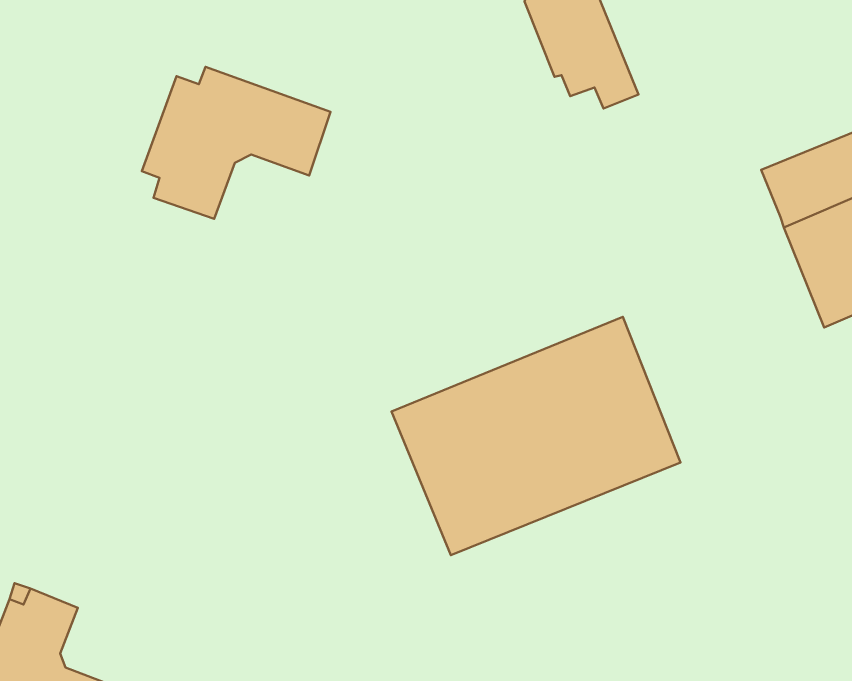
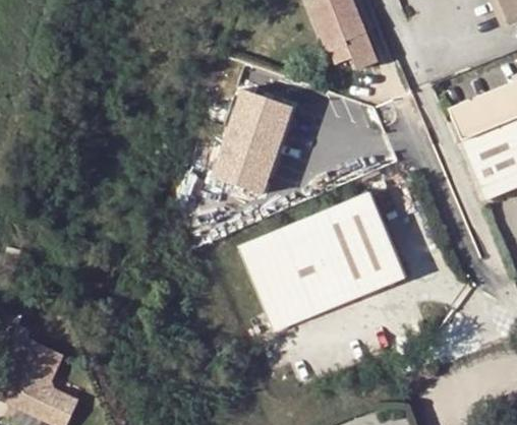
building: [142,67,331,219] -> none
building: none -> [212,93,293,193]

